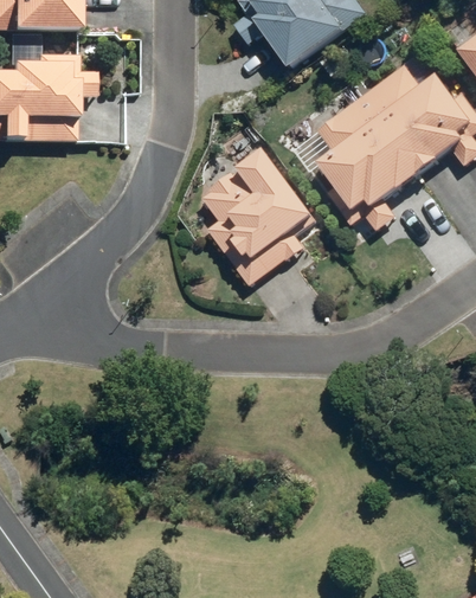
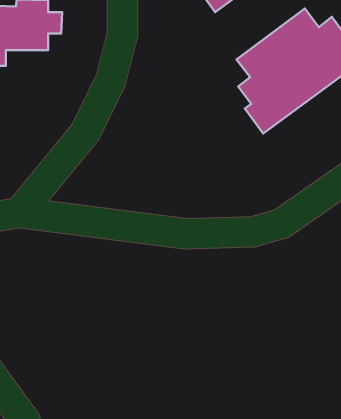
building: [201,150,315,285] -> none

